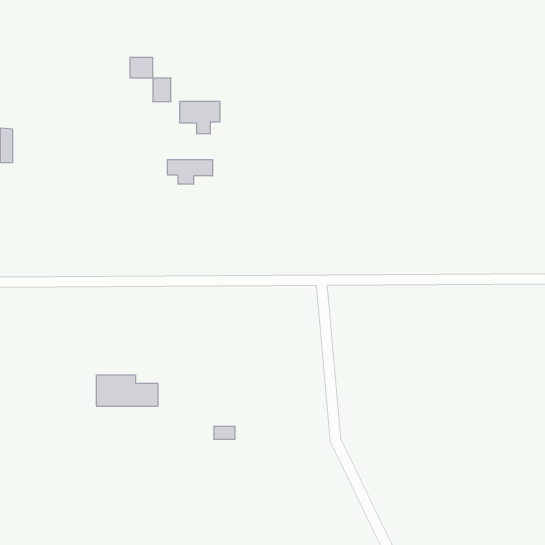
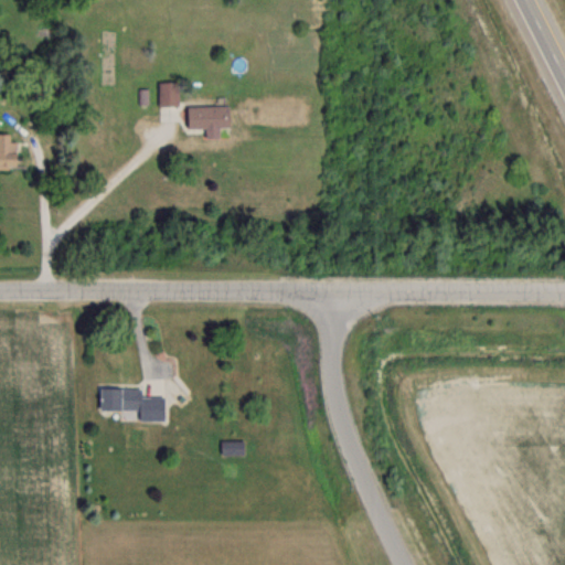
building: [130,57,152,78] -> none
building: [167,160,213,184] -> none

